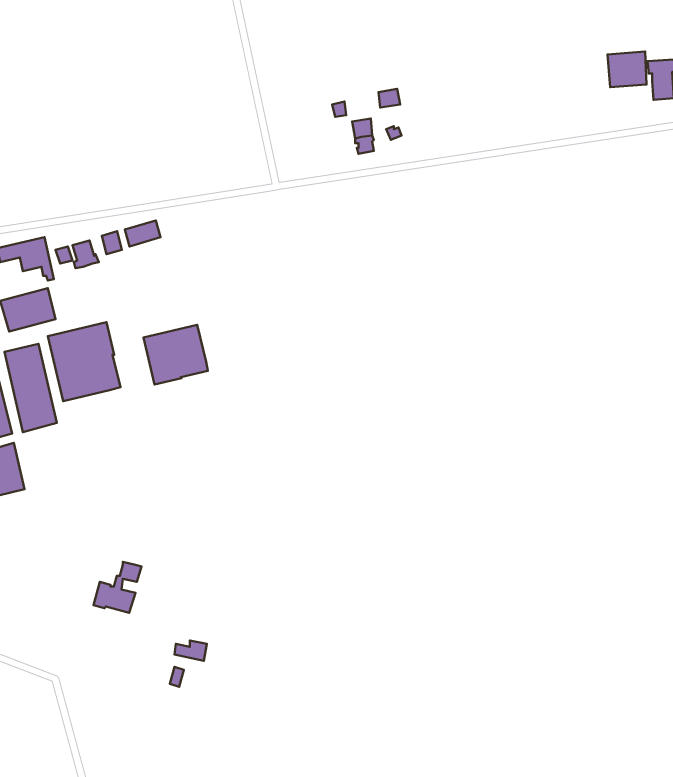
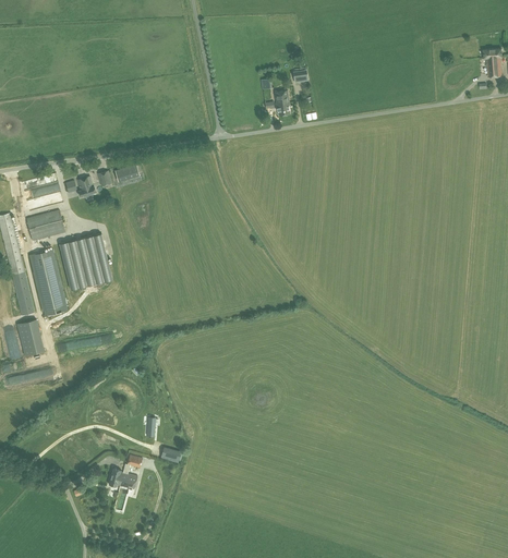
building: [608,51,647,87] -> none
building: [143,325,208,385] -> none
building: [94,562,142,613] -> [108,454,142,490]

